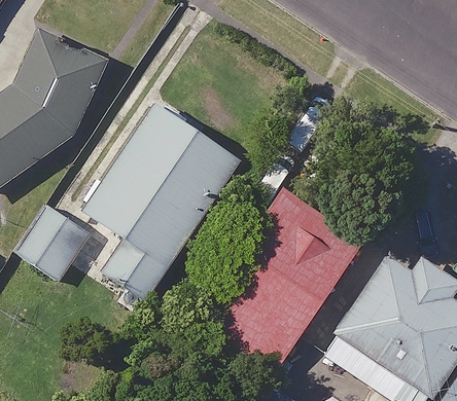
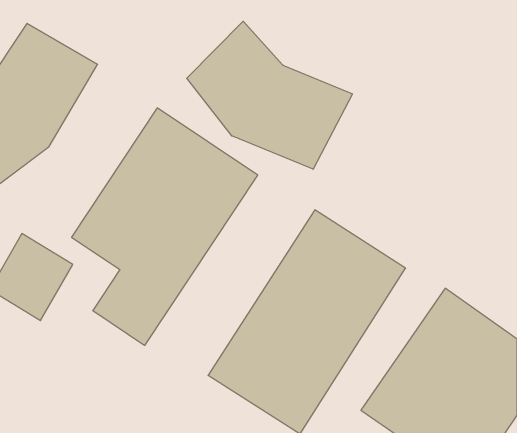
building: none -> [187,21,352,169]

